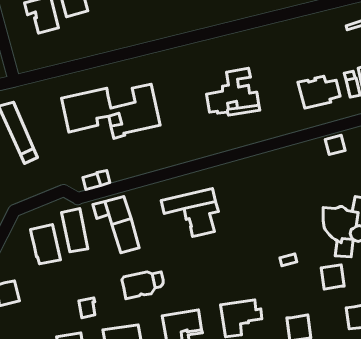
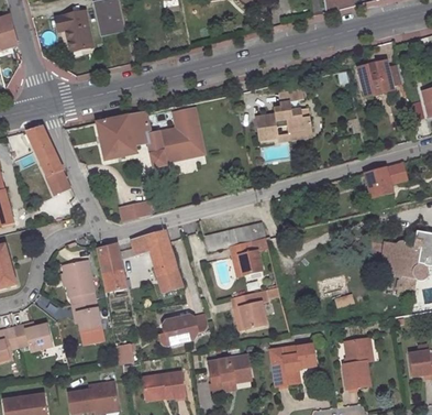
building: [298,76,340,108] -> [357,61,403,96]
building: none -> [363,168,392,199]
building: none -> [233,290,268,330]
building: none -> [73,301,102,332]
building: [321,265,344,289] -> [344,338,369,364]

